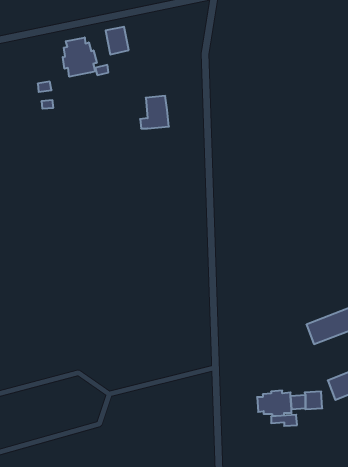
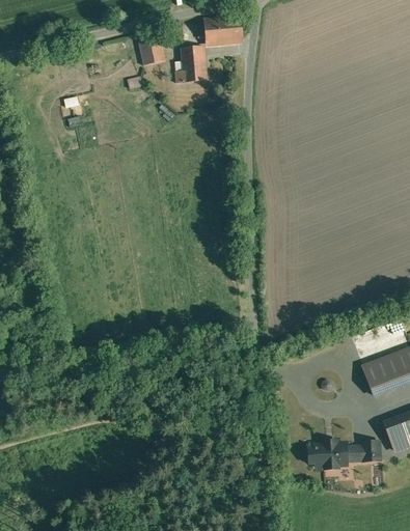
building: none -> [202,15,242,39]
building: [63,37,97,77] -> none
building: [140,96,169,128] -> [174,46,207,82]

